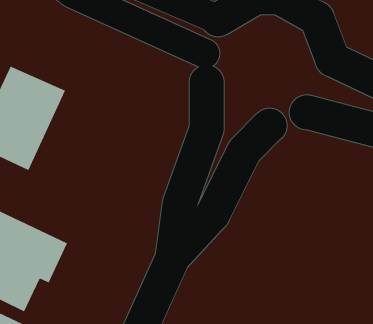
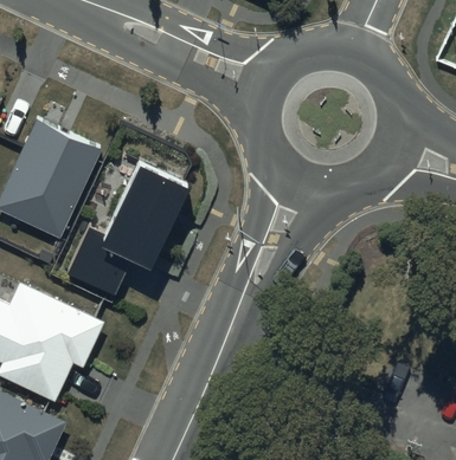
building: none -> [69,161,191,294]

